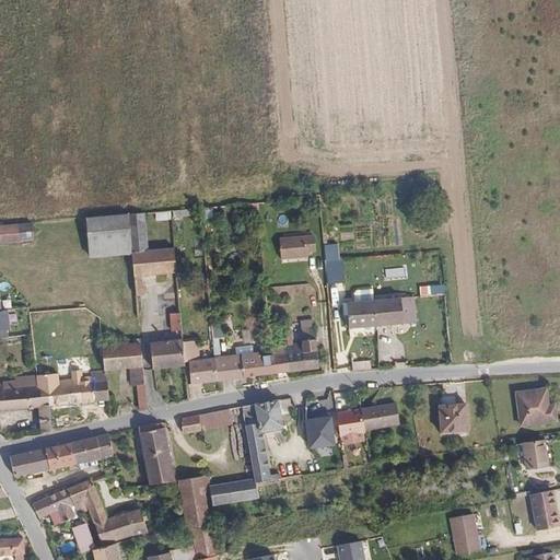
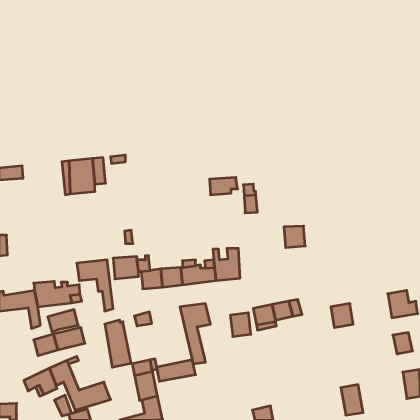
building: [126,241,171,285] -> none
building: [349,301,378,330] -> none
building: [198,408,231,429] -> none
building: [10,451,50,480] -> [48,310,78,332]

